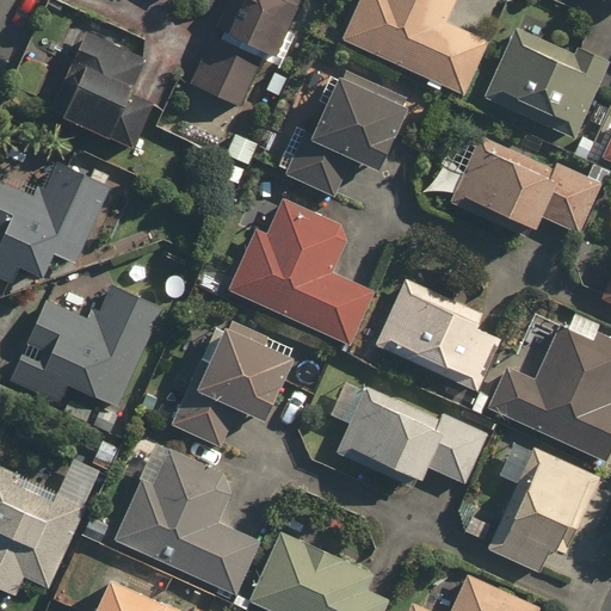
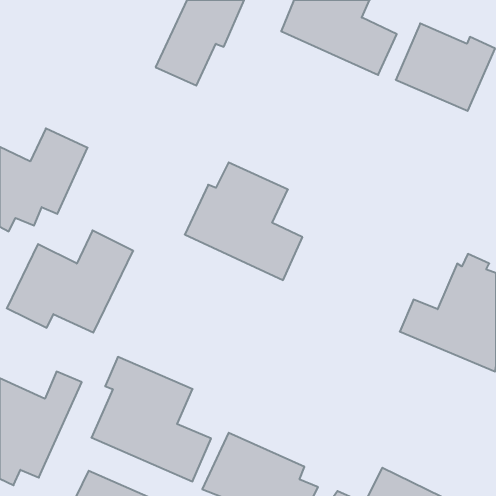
building: [53,33,155,147] -> none
building: [284,67,411,195] -> none
building: [450,136,599,240] -> none
building: [374,277,500,393] -> none
building: [171,319,297,449] -> none
building: [331,377,488,487] -> none
building: [464,438,598,573] -> none

